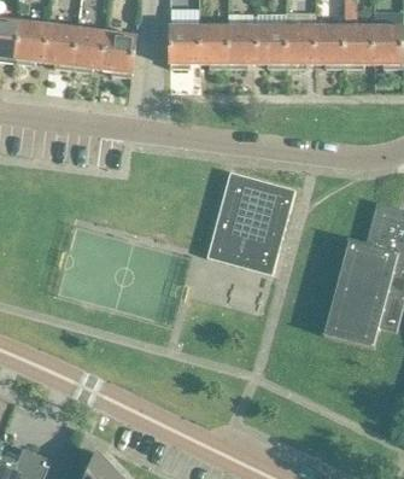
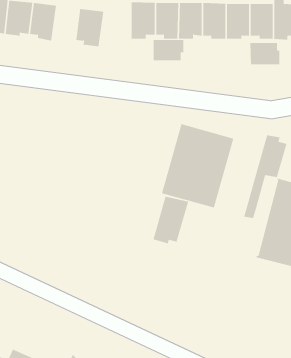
building: [72,27,106,72] -> none
building: none -> [153,39,184,61]
building: none -> [250,42,280,65]
building: none -> [243,134,287,219]
building: none -> [153,196,189,244]

